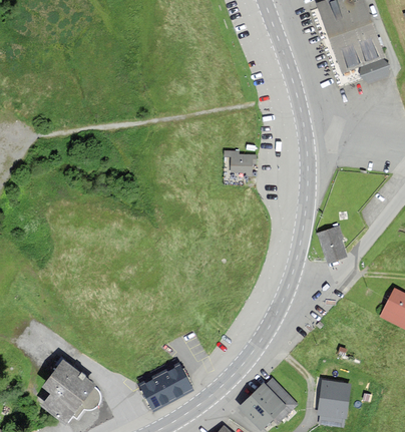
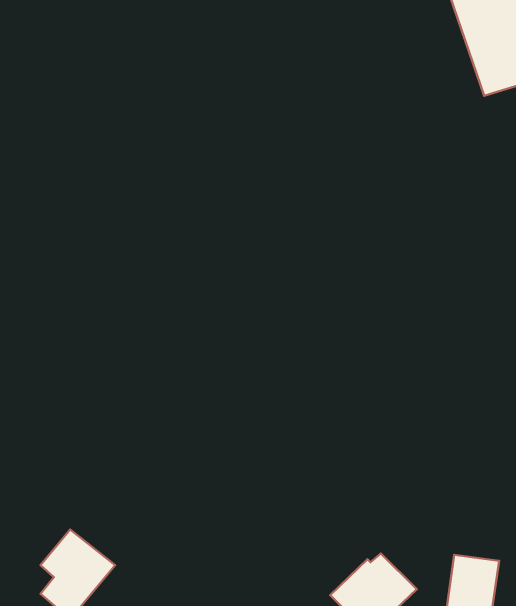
building: [225,150,256,170] -> none
building: [319,227,347,261] -> none
building: [143,368,190,408] -> none

